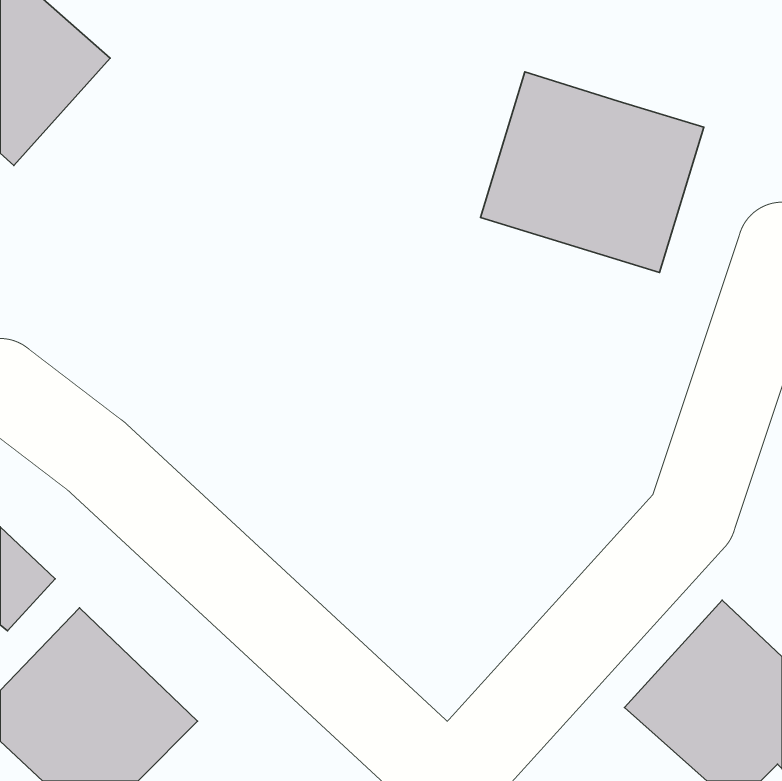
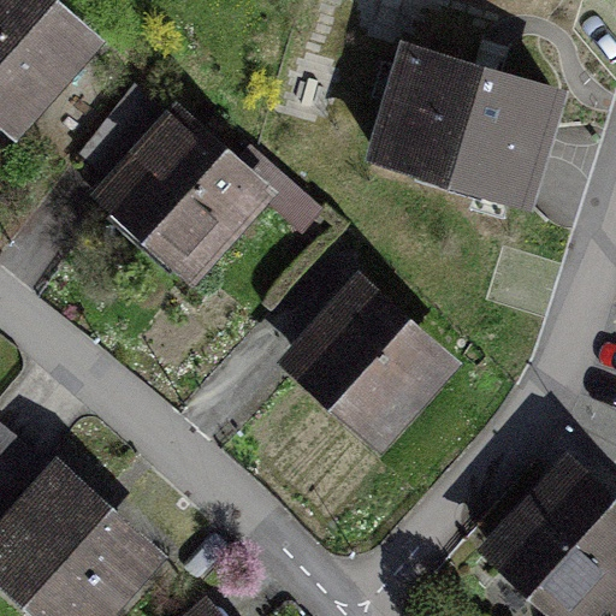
building: none -> [101,120,260,279]
building: none -> [298,280,461,442]

